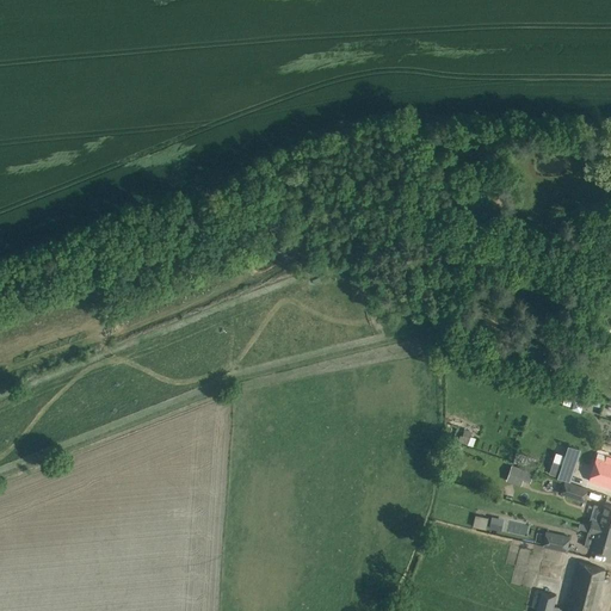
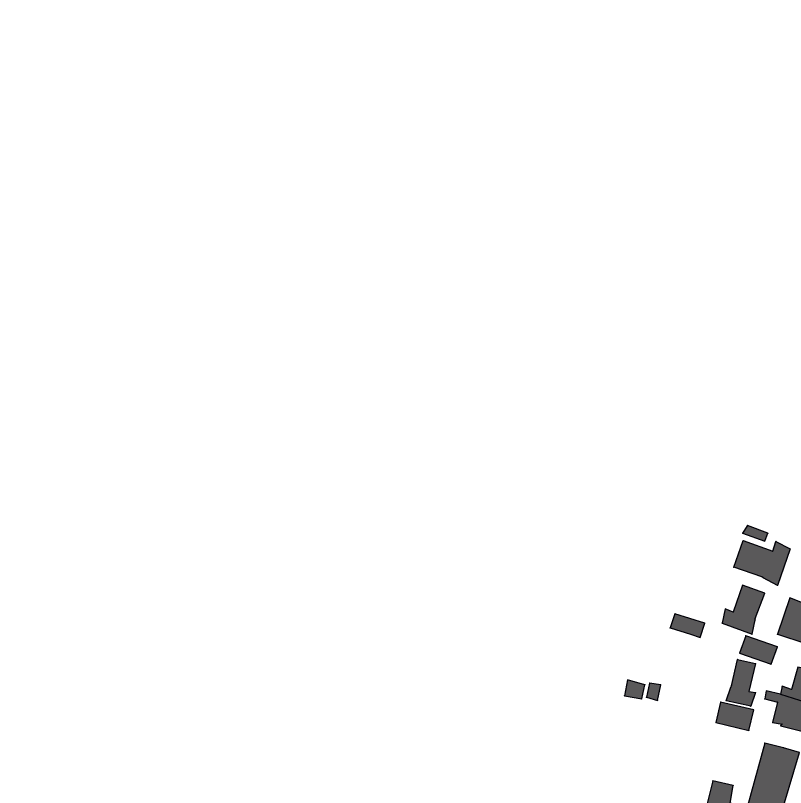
building: none -> [734,541,790,585]
building: none -> [726,659,756,706]

